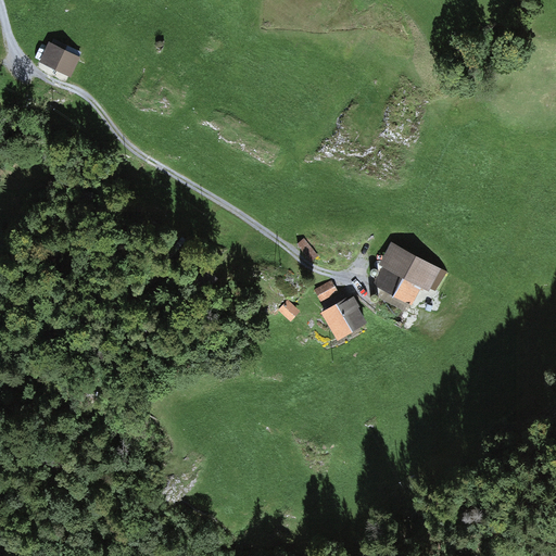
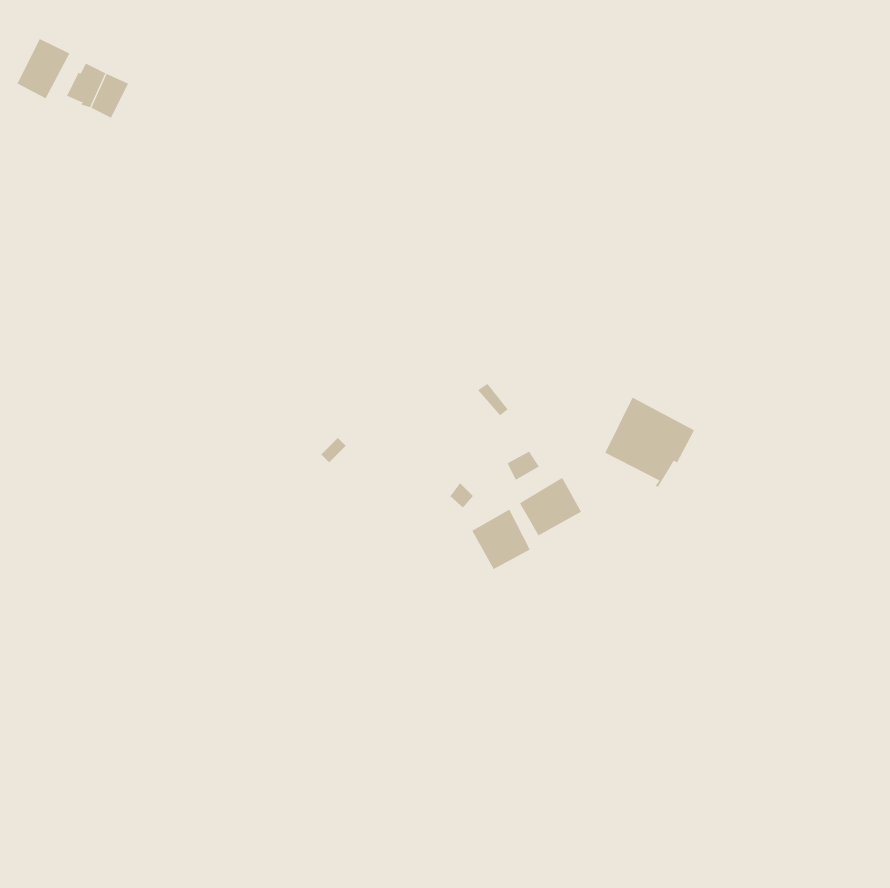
building: none -> [17,38,70,99]
building: none -> [471,509,531,570]

